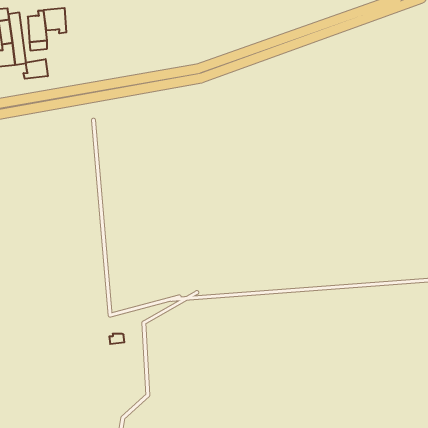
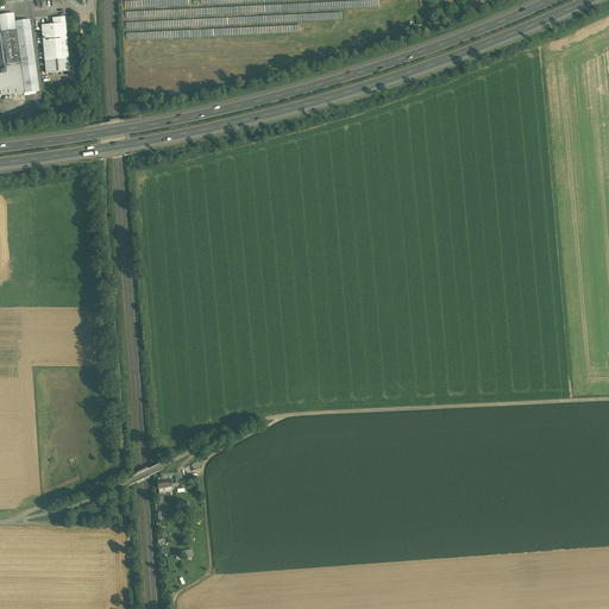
building: [44,8,66,33] -> none
building: [24,59,48,79] -> none

